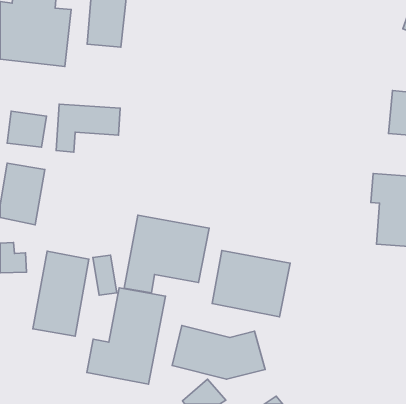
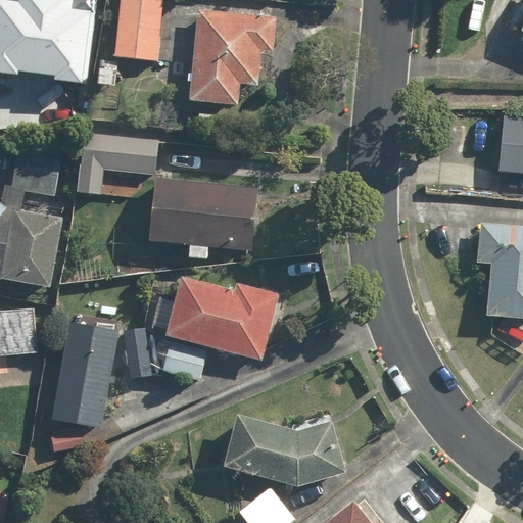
building: none -> [188,10,275,104]
building: none -> [147,180,256,258]
building: [212,250,290,317] -> none
building: [87,288,165,384] -> none

